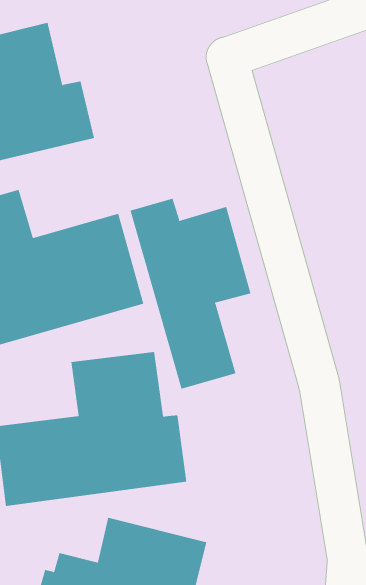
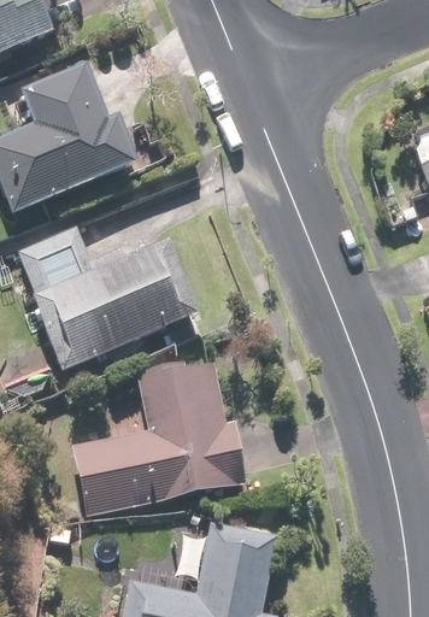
building: [130,198,251,389] -> none

